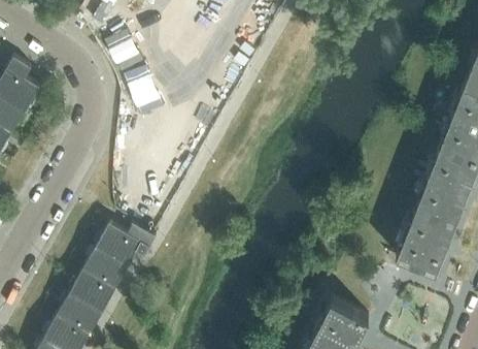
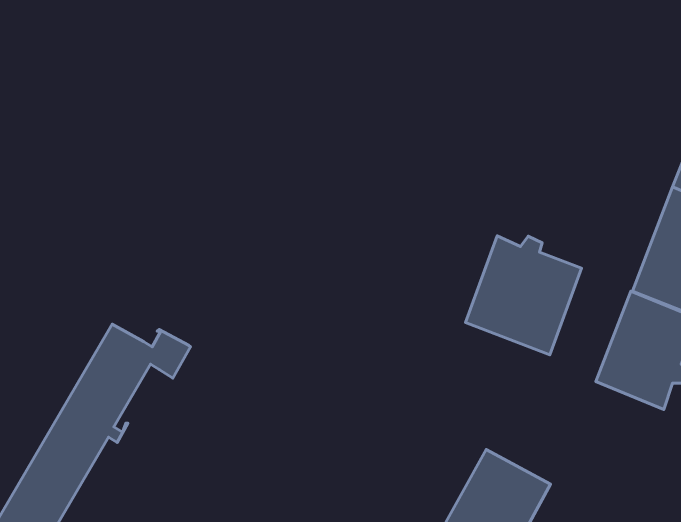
building: none -> [465,236,582,355]

